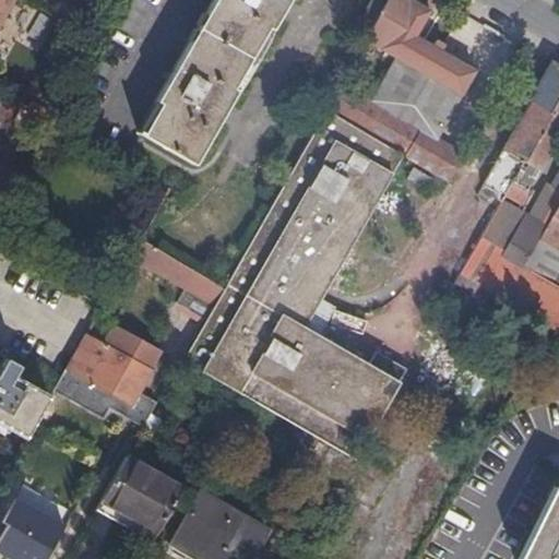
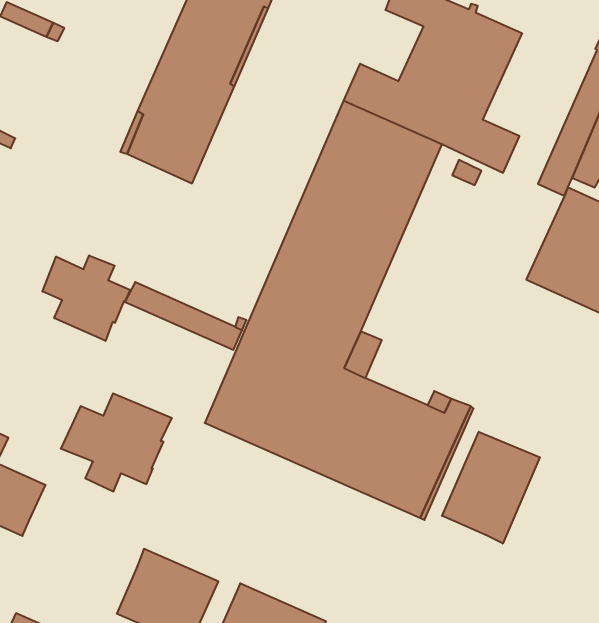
building: none -> [42,255,130,341]
building: [56,369,159,427] -> none
building: none -> [442,432,540,544]

